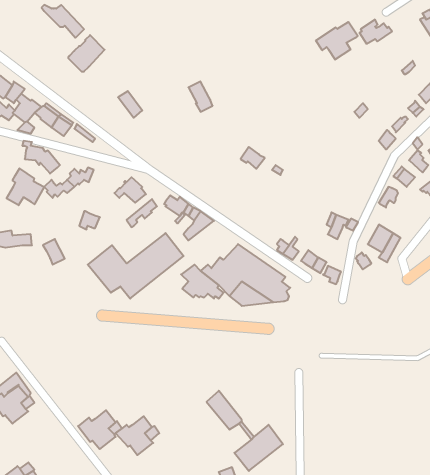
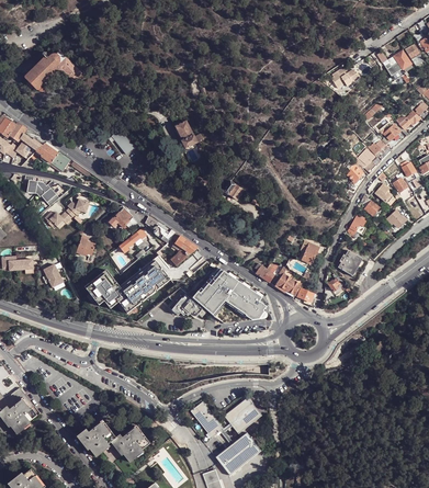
building: [316,22,358,60] -> none
building: [68,35,105,72] -> [24,58,57,91]
building: [7,168,44,205] -> none
building: none -> [224,397,261,433]

